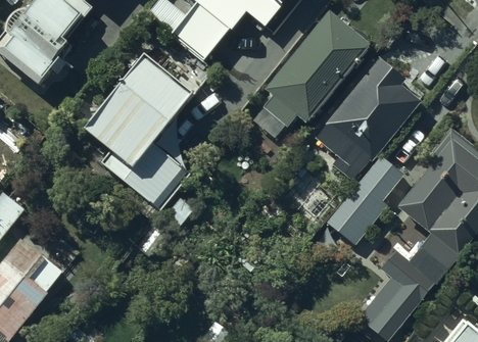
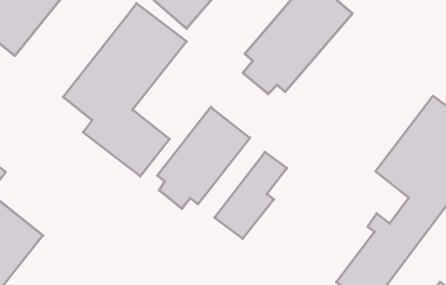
building: [315,58,420,180] -> none
building: none -> [157,107,250,209]
building: [330,157,403,245] -> [215,152,287,239]

